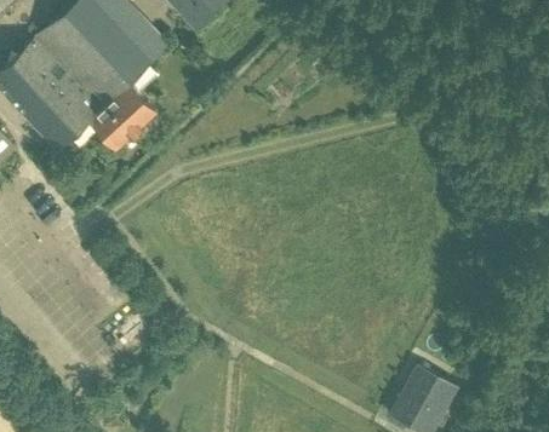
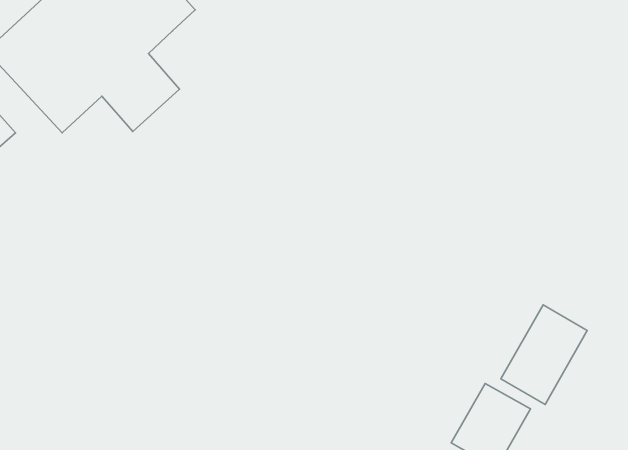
building: none -> [501,305,587,405]

